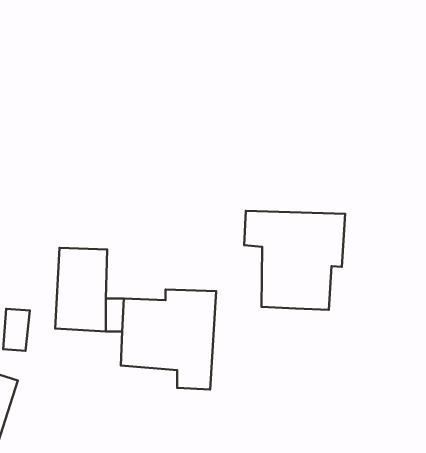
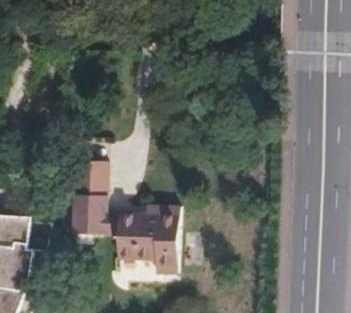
building: [244,211,345,310] -> none

